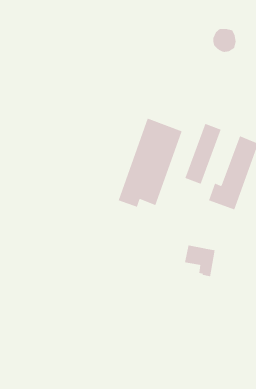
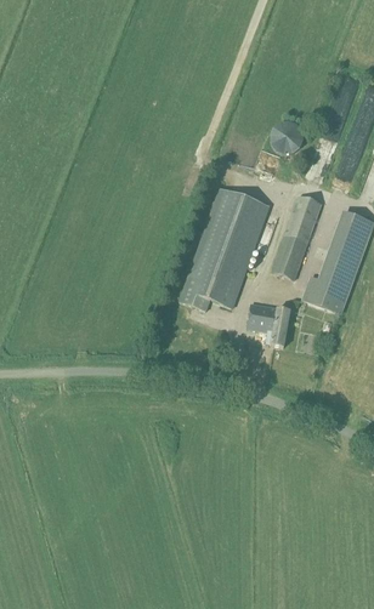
building: [213,28,237,52] -> [273,124,306,156]
building: [184,245,215,277] -> [246,302,289,346]

